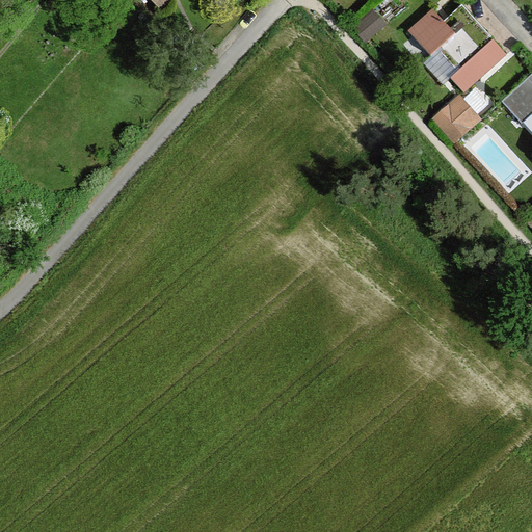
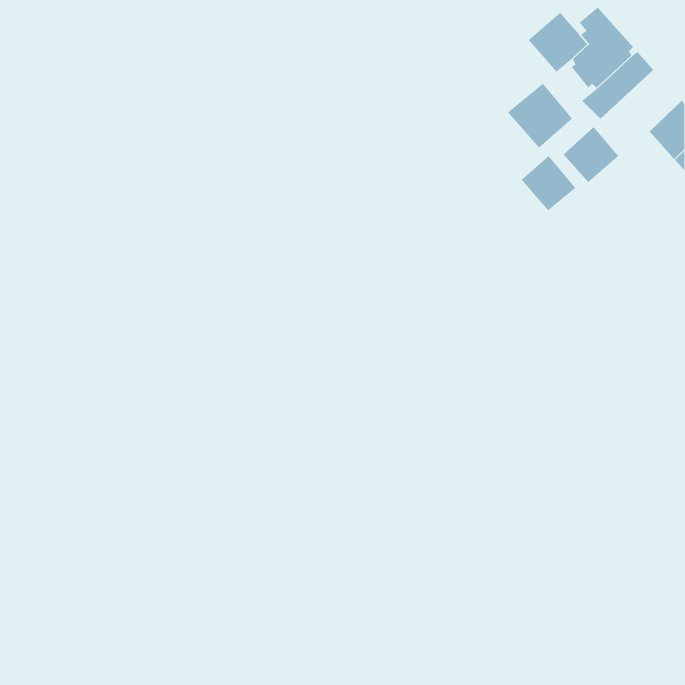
building: none -> [507,83,573,148]
building: none -> [521,155,576,211]

